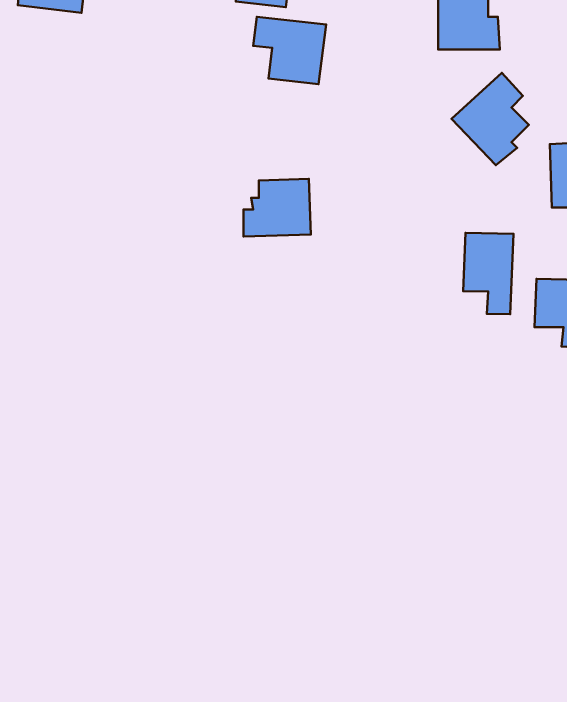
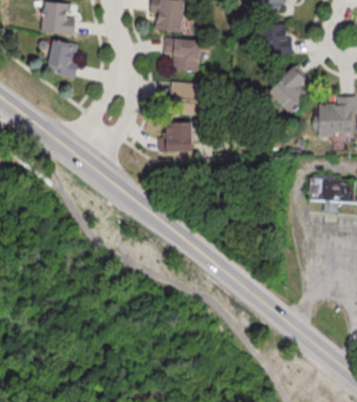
building: none -> [47,39,78,78]
building: none -> [169,81,209,116]
building: [463,233,514,314] -> none

